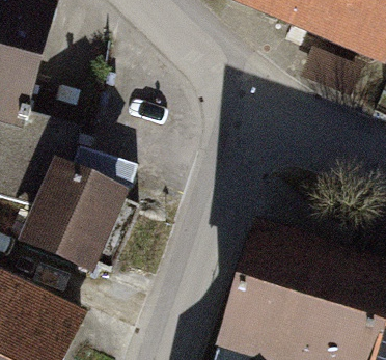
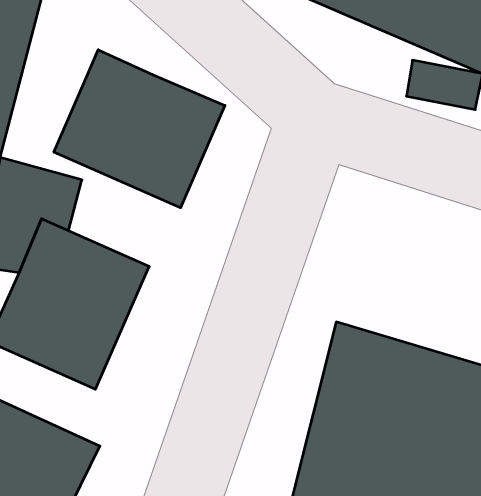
building: none -> [54,50,225,208]

